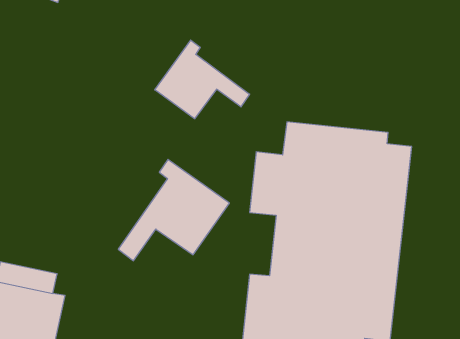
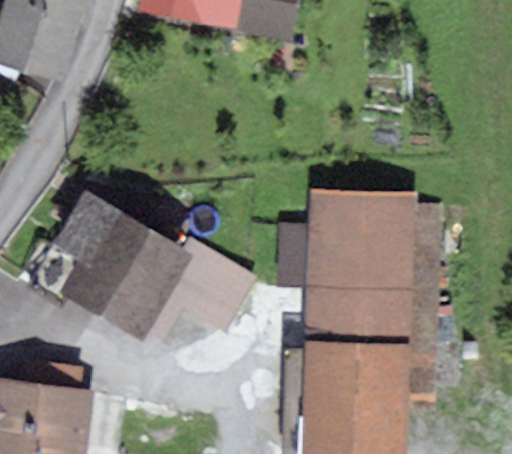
building: [155,40,250,119] -> none
building: none -> [50,190,190,344]

